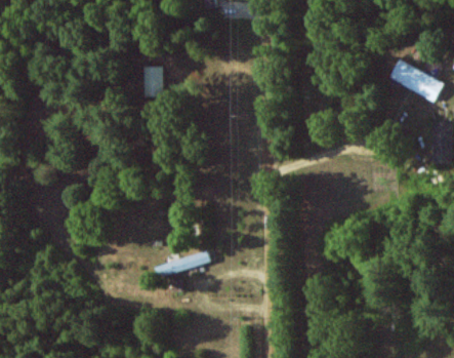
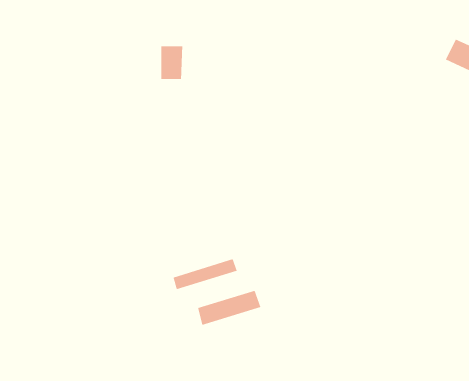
building: none -> [197,290,261,326]

